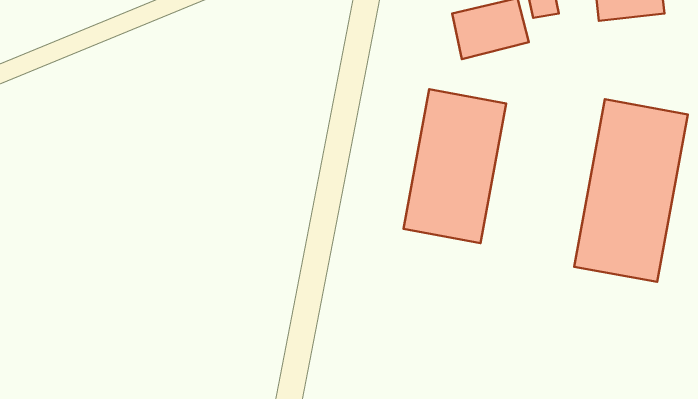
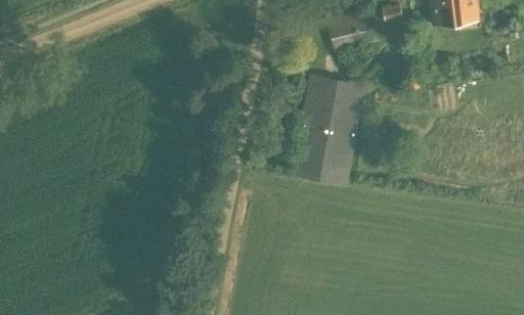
building: [574,99,688,282] -> none

